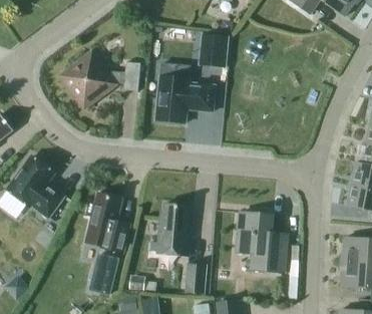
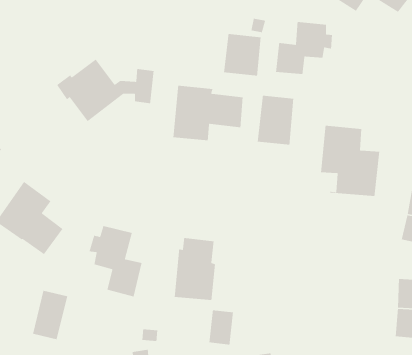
building: none -> [275,21,333,75]
building: none -> [257,95,294,145]
building: [237,211,287,271] -> [320,125,380,197]
building: [89,253,119,295] -> [32,290,68,340]

